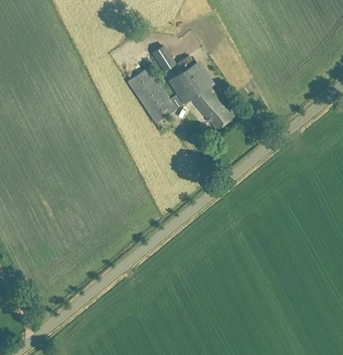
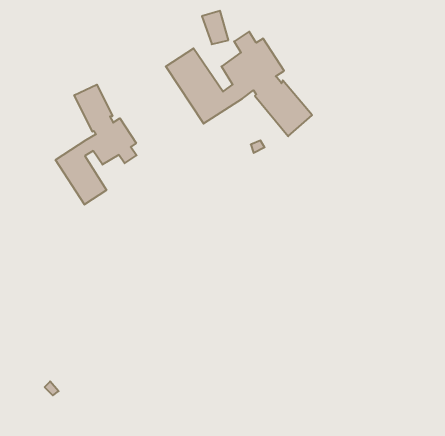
building: none -> [56,85,137,205]

